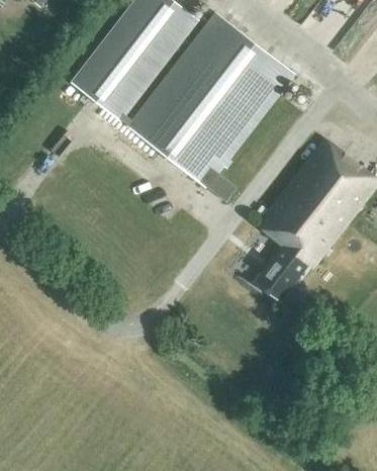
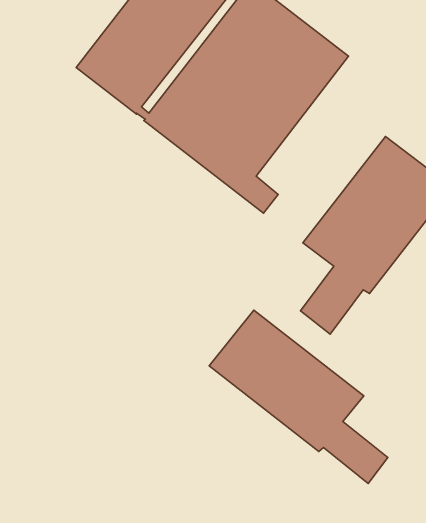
building: none -> [209,310,388,483]

